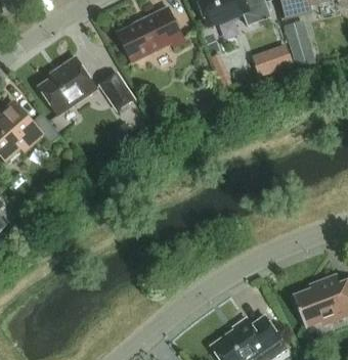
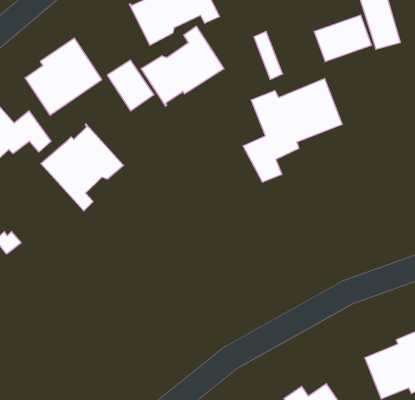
building: none -> [141,26,224,106]
building: none -> [243,78,342,182]
building: none -> [41,124,124,211]

